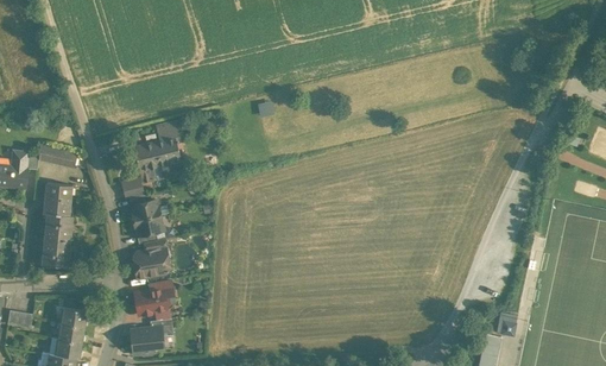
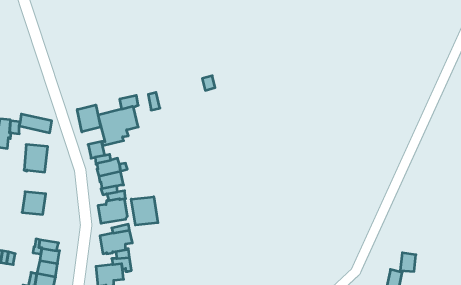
building: none -> [77,105,101,132]
building: [44,214,71,242] -> none
building: none -> [131,197,158,225]

